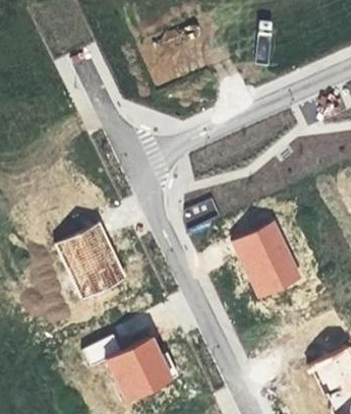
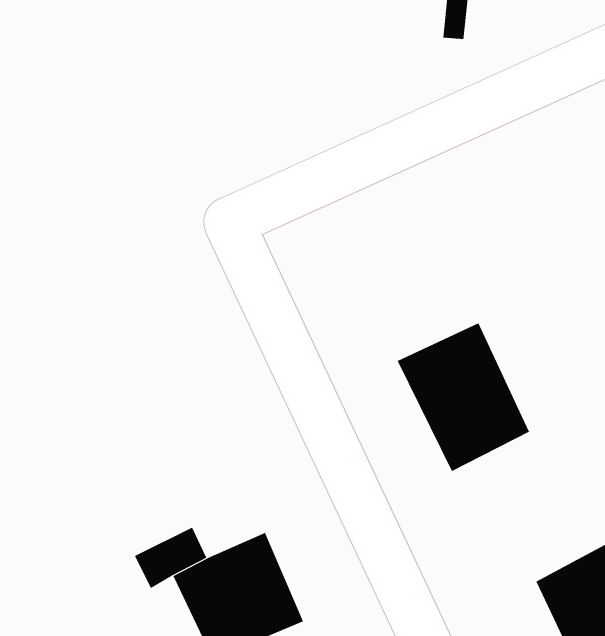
building: [53,220,126,301] -> none

